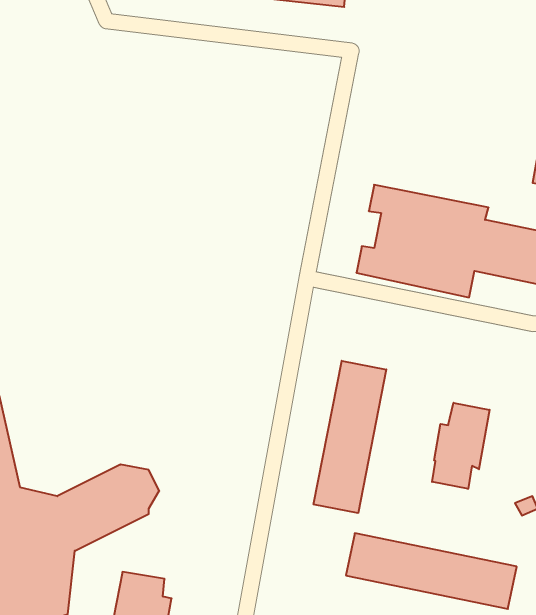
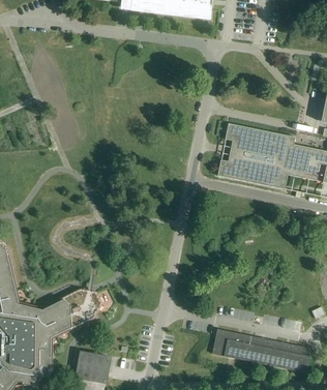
building: [314,361,386,513] -> none
building: [432,403,490,489] -> none

